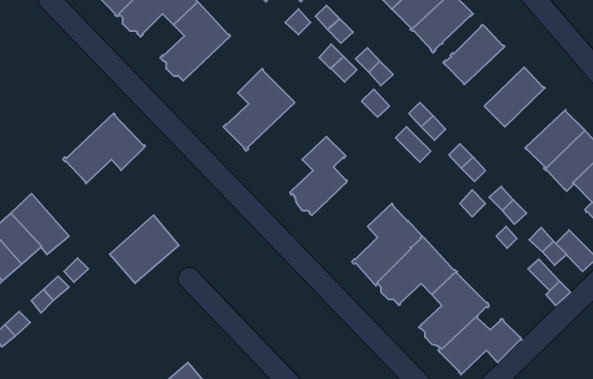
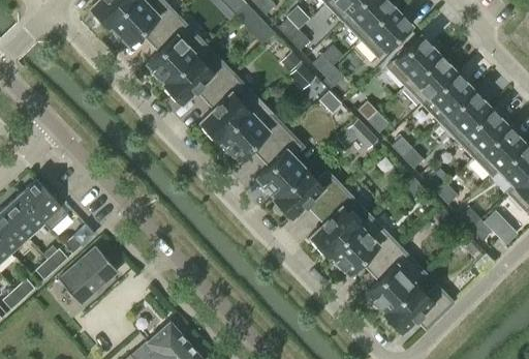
building: none -> [405,53,456,103]
building: none -> [439,88,491,139]
building: none -> [220,100,287,159]
building: [63,113,145,184] -> [162,43,232,103]
building: none -> [273,168,343,217]
building: [110,215,179,283] -> [57,246,116,304]

